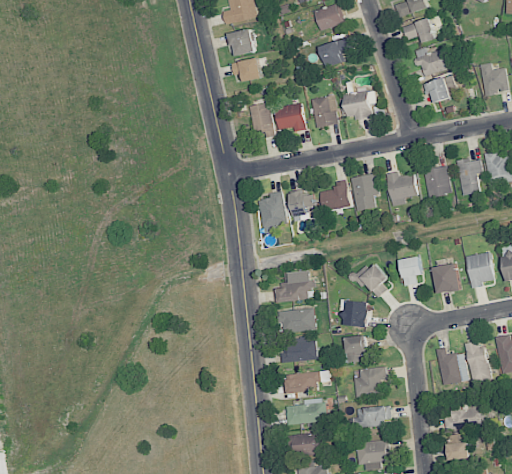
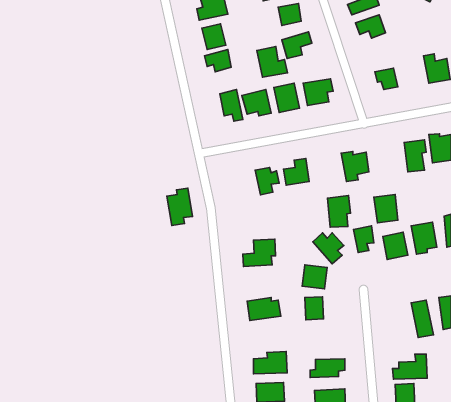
building: [412,47,449,76] -> none
building: none -> [257,46,287,77]
building: [423,166,450,198] -> [374,194,398,223]
building: [351,174,377,210] -> [327,195,350,227]
building: [257,191,286,233] -> [167,188,192,225]
building: [281,309,314,332] -> none
building: [435,347,468,385] -> none
building: [353,366,386,398] -> none
building: [283,372,321,393] -> none

